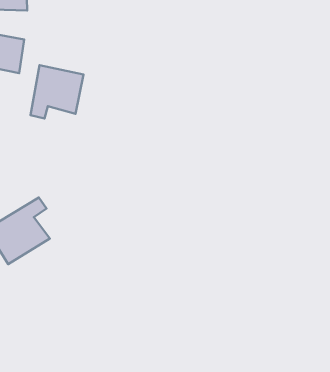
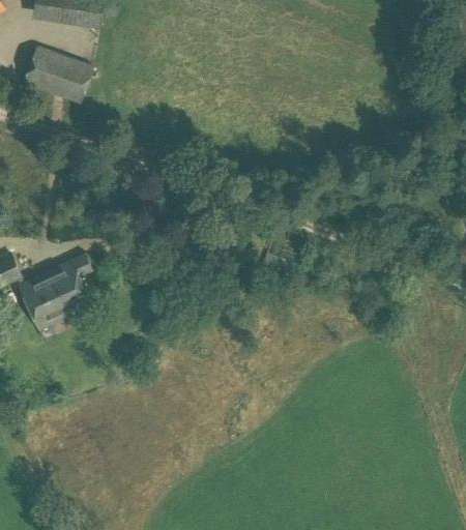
building: [30,65,83,118] -> none

